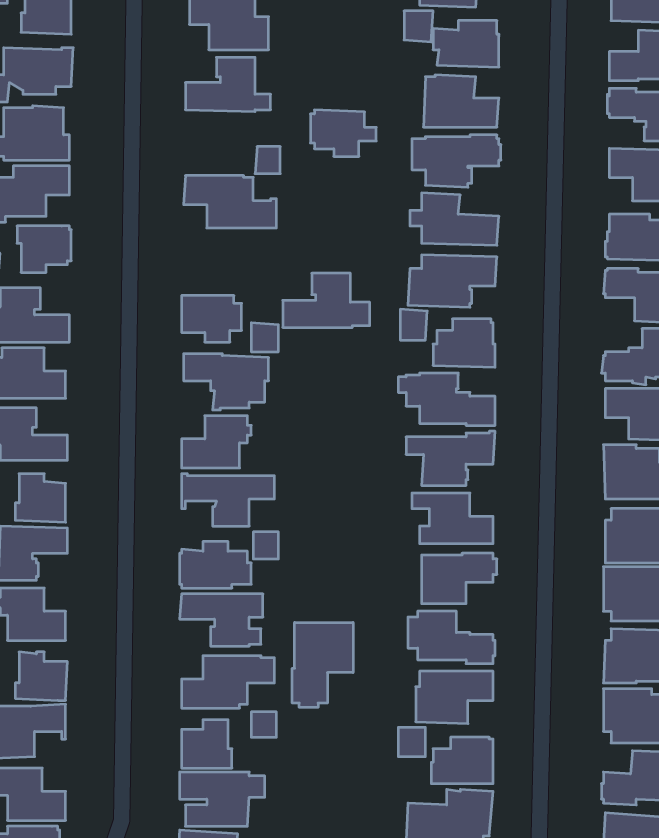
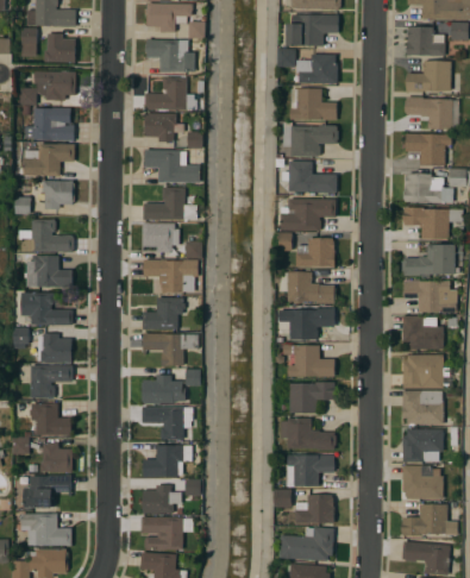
building: [310,110,376,156] -> [144,113,184,142]
building: [283,273,370,327] -> [144,187,198,220]
building: [292,622,353,707] -> none

